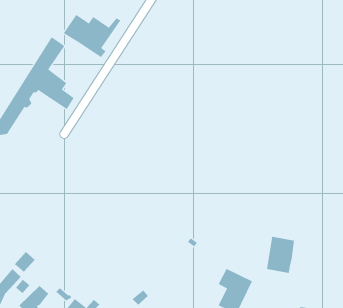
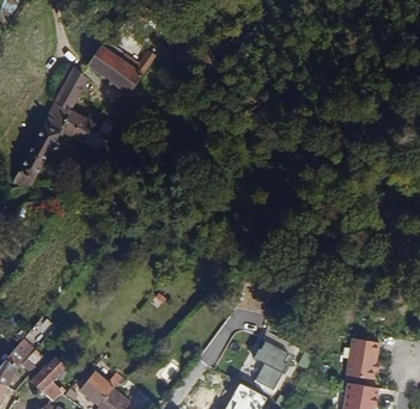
building: [266,236,295,274] -> [347,336,379,378]

